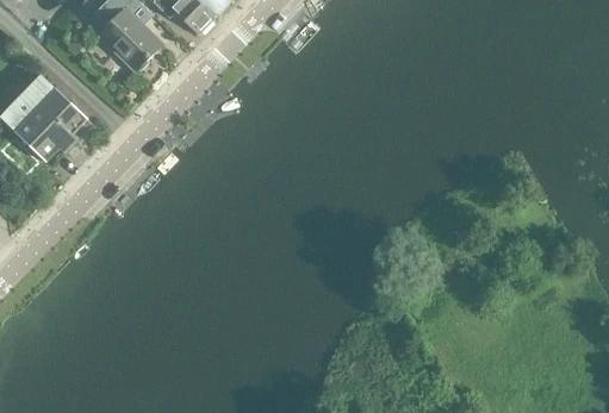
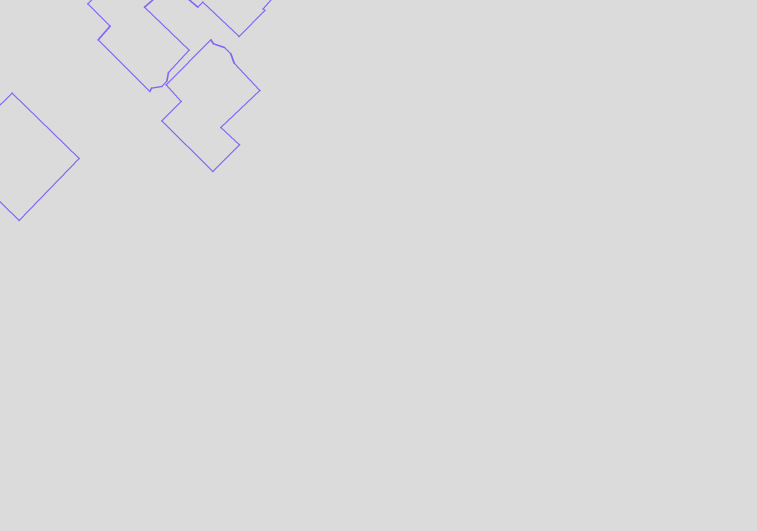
building: none -> [162,40,260,172]

